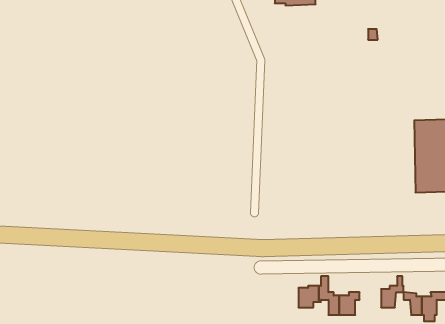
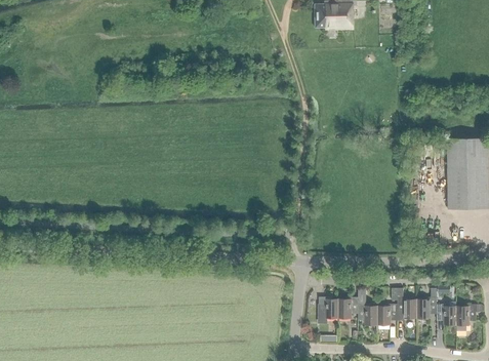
building: none -> [395,288,415,318]
building: none -> [319,296,336,322]

